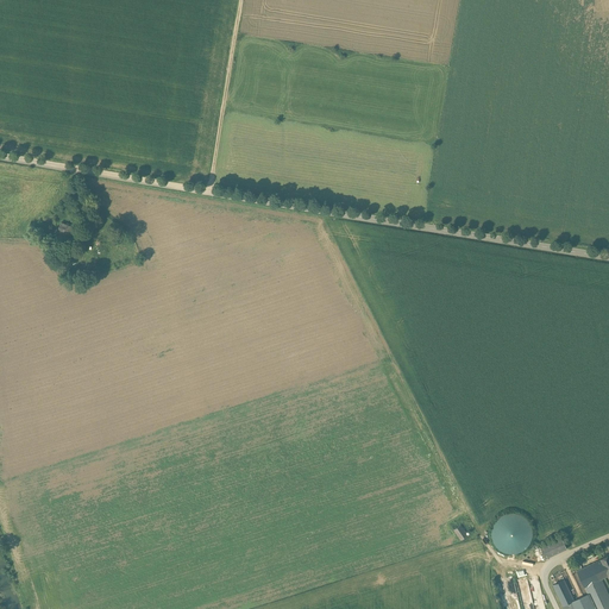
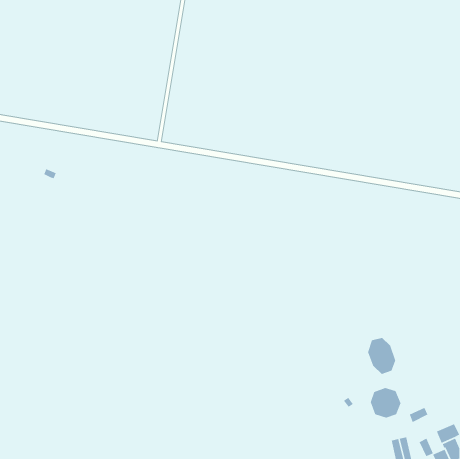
building: none -> [367,337,396,375]

